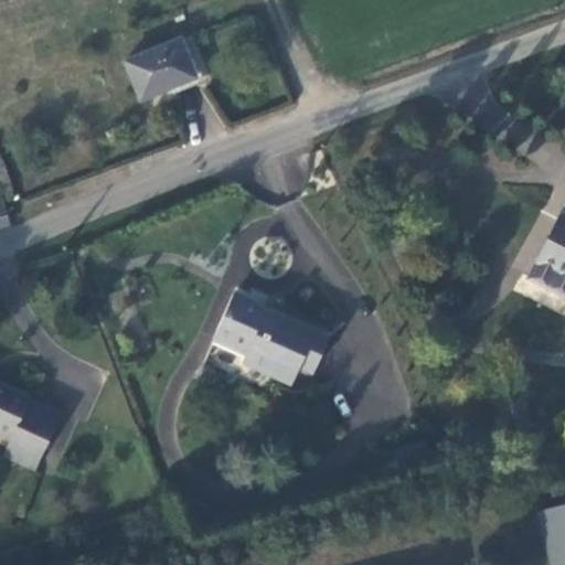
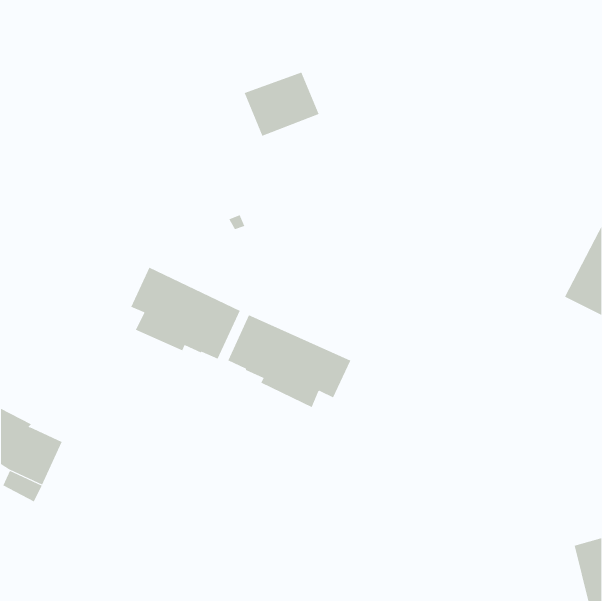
building: [127,40,198,100] -> [244,72,319,137]
building: none -> [131,267,240,360]

